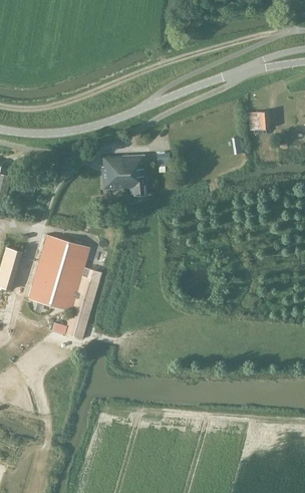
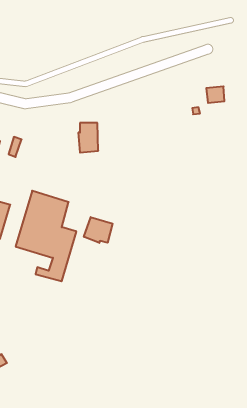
building: [122,154,147,195] -> none
building: none -> [84,217,113,243]

